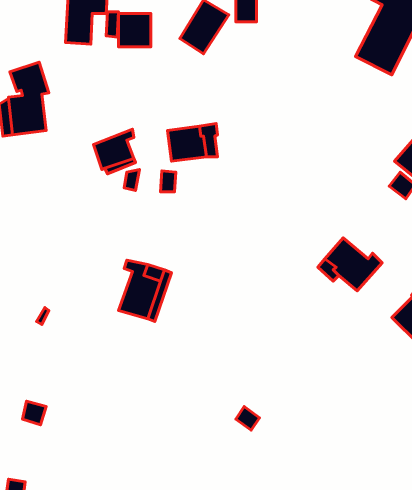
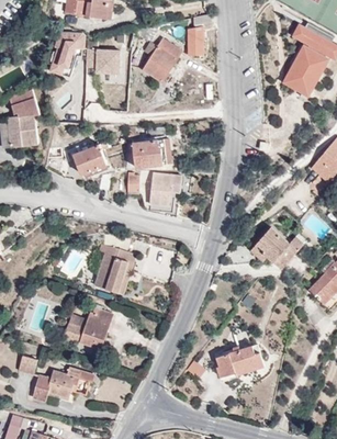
building: none -> [150,173,181,213]
building: none -> [66,307,114,349]
building: none -> [218,345,265,375]
building: none -> [33,368,93,401]

